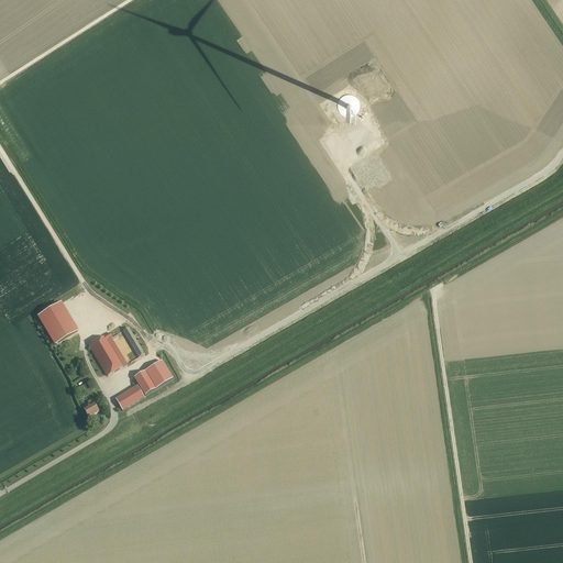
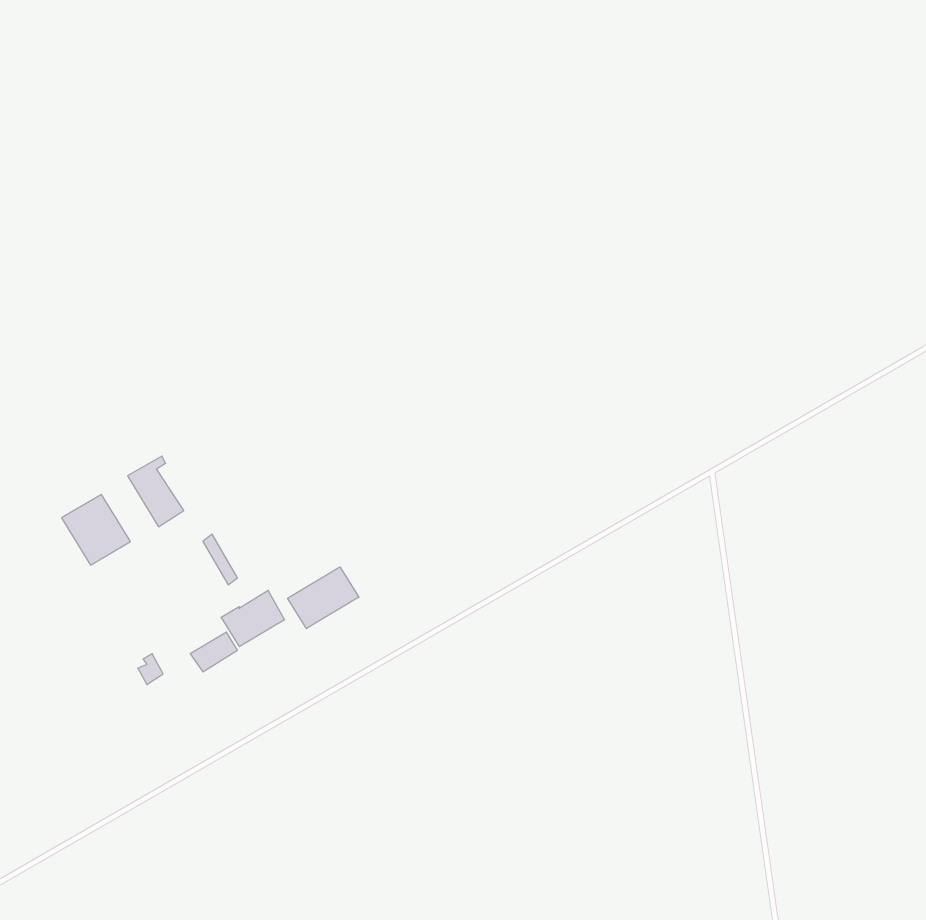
building: [89,331,123,374] -> [128,456,184,527]
building: none -> [287,567,359,629]

